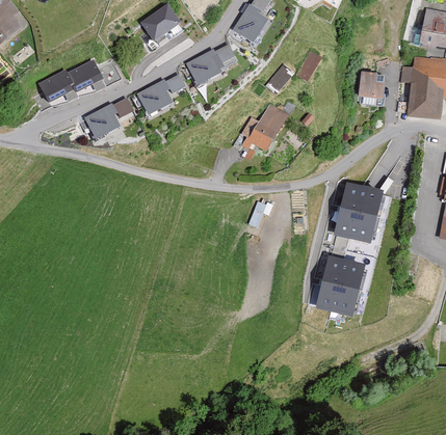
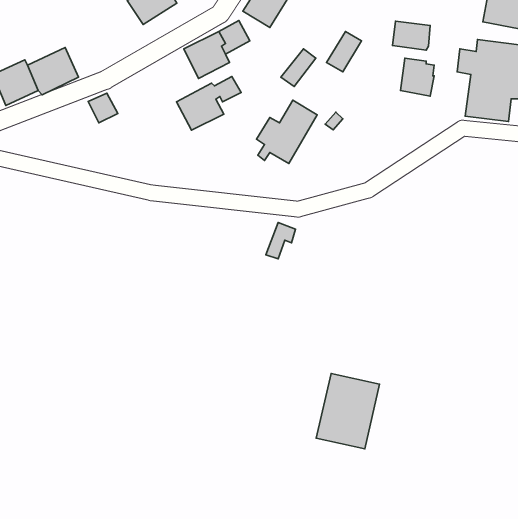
building: none -> [393,21,430,50]
building: [136,75,186,116] -> [177,76,241,130]
building: [84,103,117,138] -> none
building: [336,176,384,236] -> none
building: [316,251,365,309] -> [316,373,380,449]

